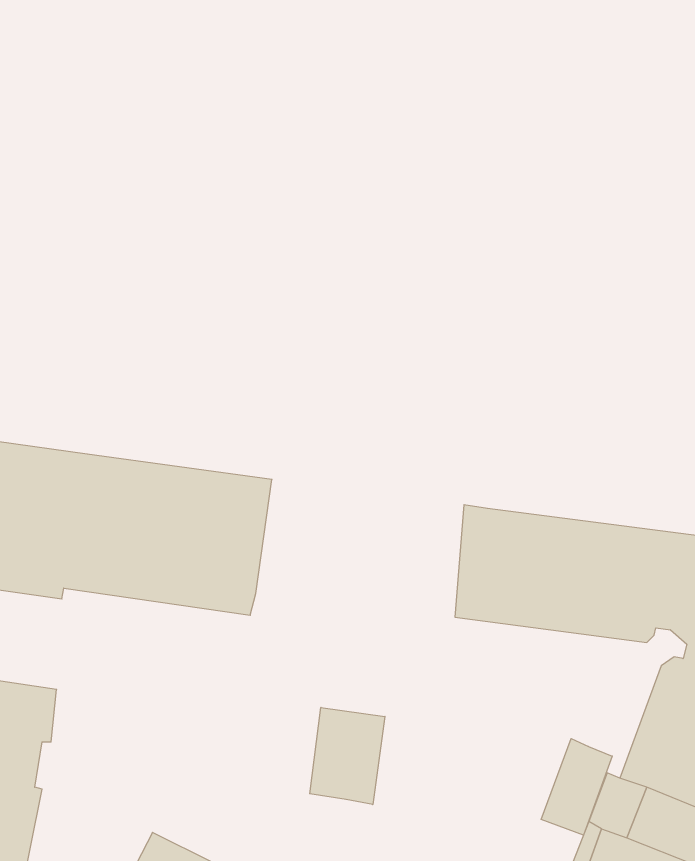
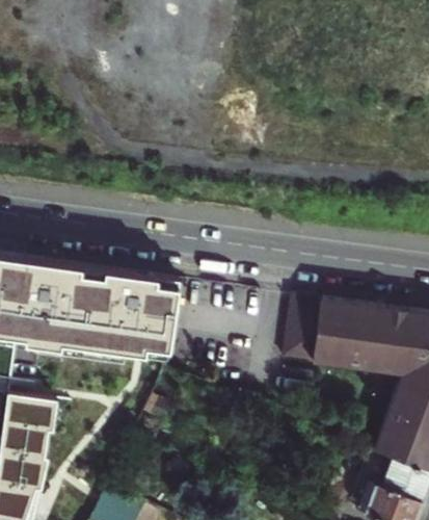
building: [310,707,385,805] -> none
building: [541,739,612,835] -> none

